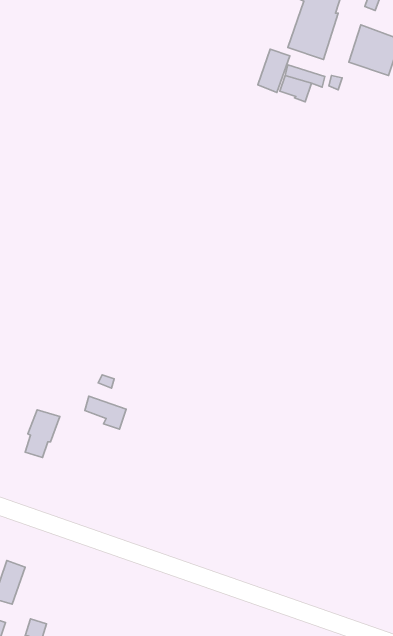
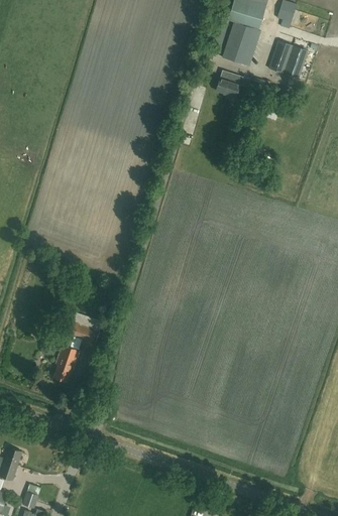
building: [258,49,290,93] -> none
building: [25,410,60,458] -> [53,345,80,381]

